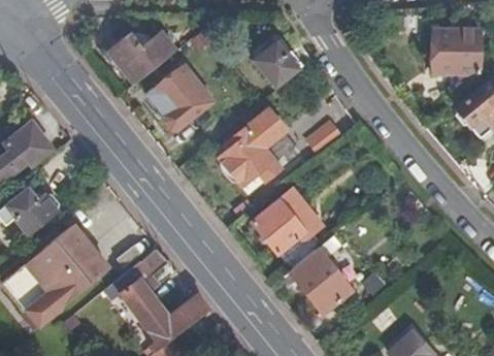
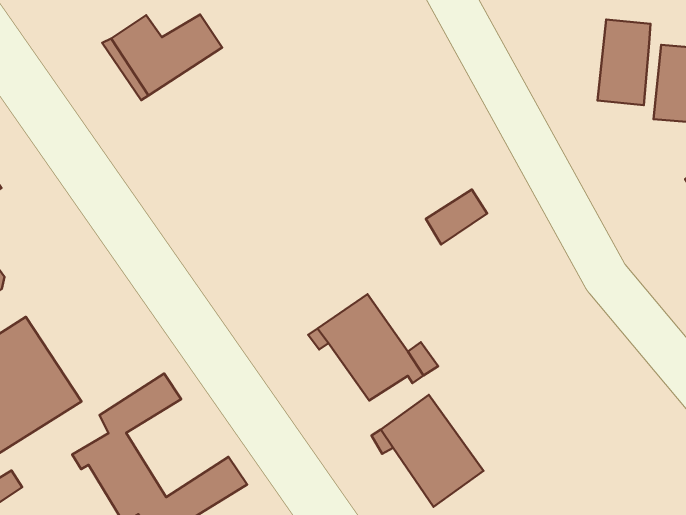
building: none -> [597,19,651,105]
building: [254,40,310,85] -> none
building: [150,64,215,129] -> none
building: [220,108,299,186] -> none

